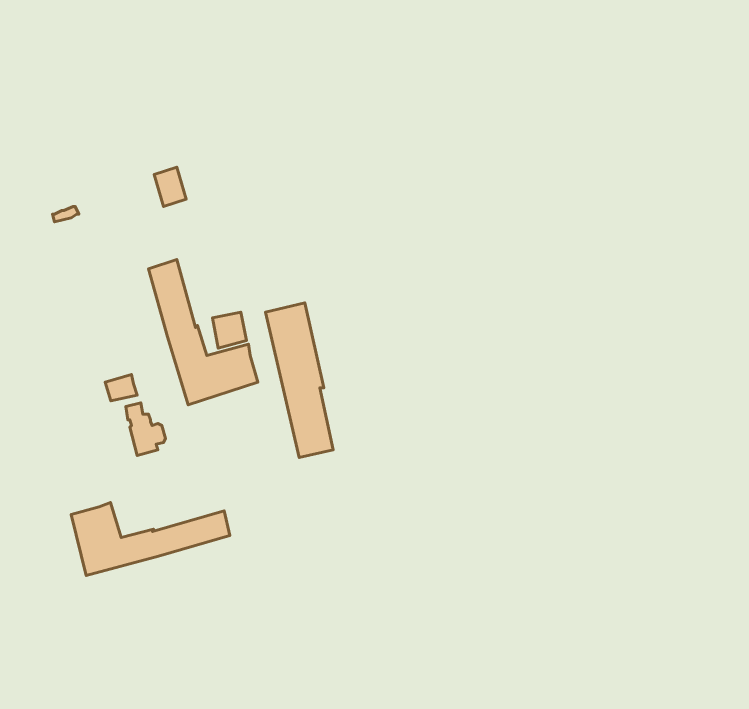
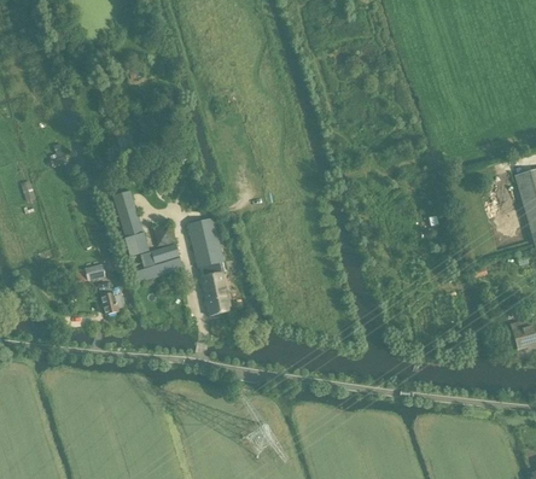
building: [71,502,230,576] -> none

